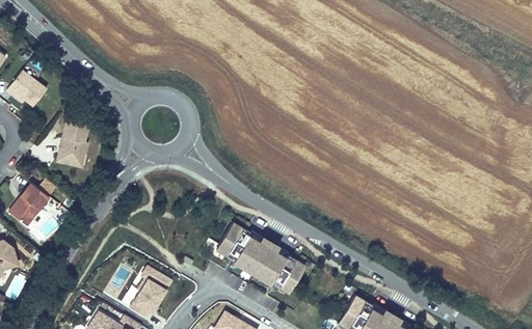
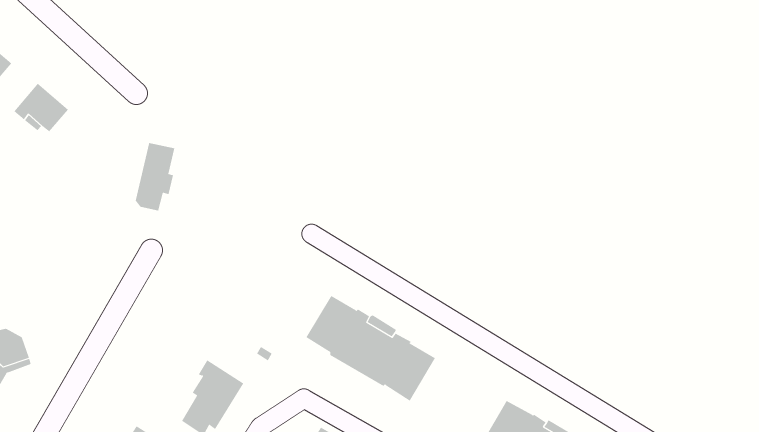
building: [57,119,85,167] -> [135,142,175,211]
building: [9,184,50,225] -> none

